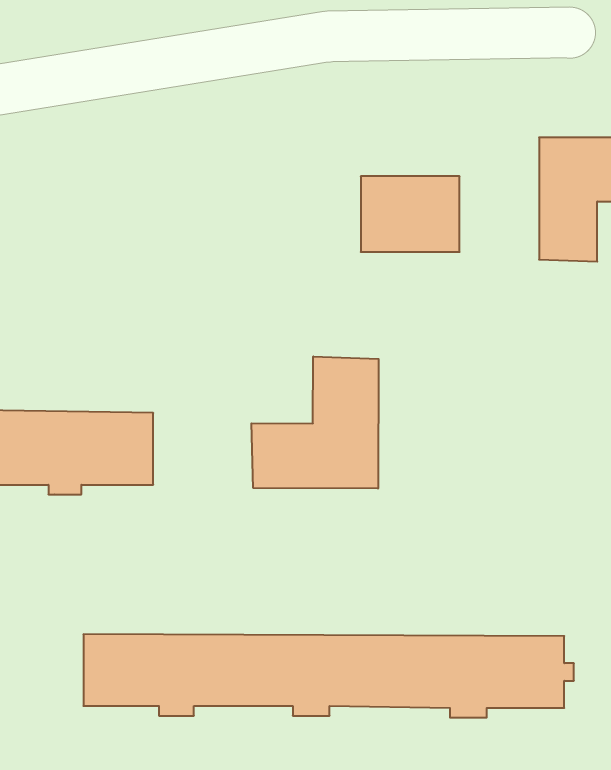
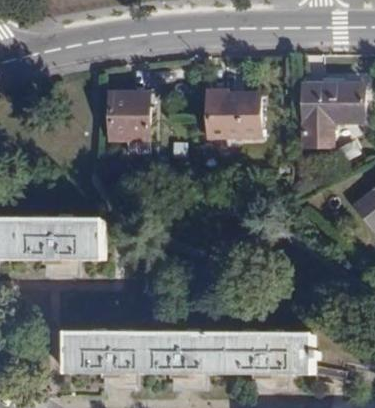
building: none -> [112,92,151,136]
building: [251,356,379,489] -> none

